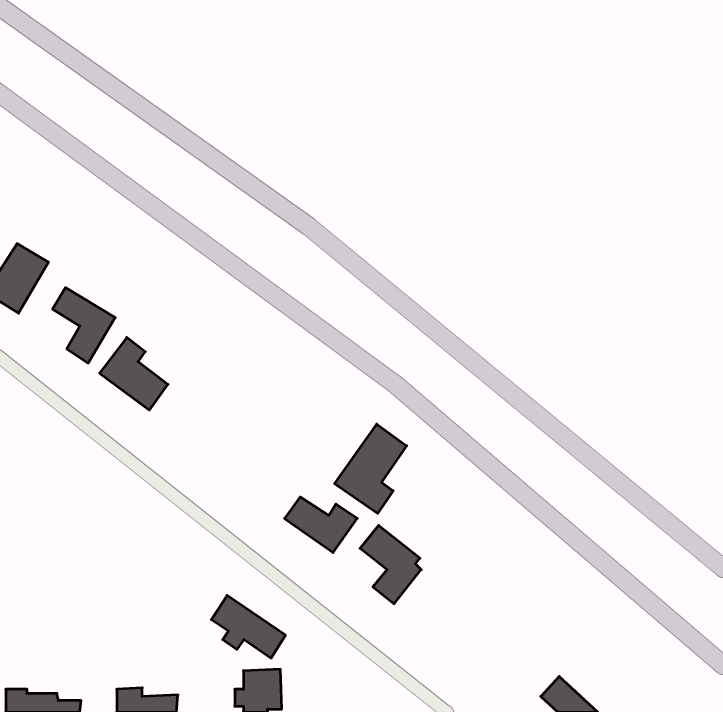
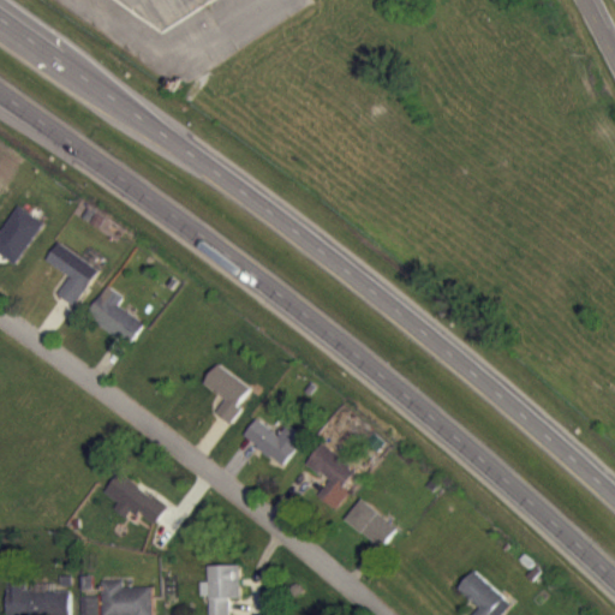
building: [335,424,407,513] -> none
building: none -> [202,364,251,422]
building: none -> [344,500,395,548]
building: [211,595,285,658] -> [102,472,165,525]

